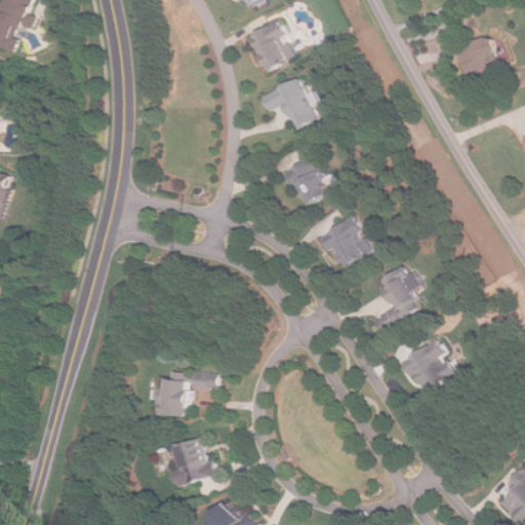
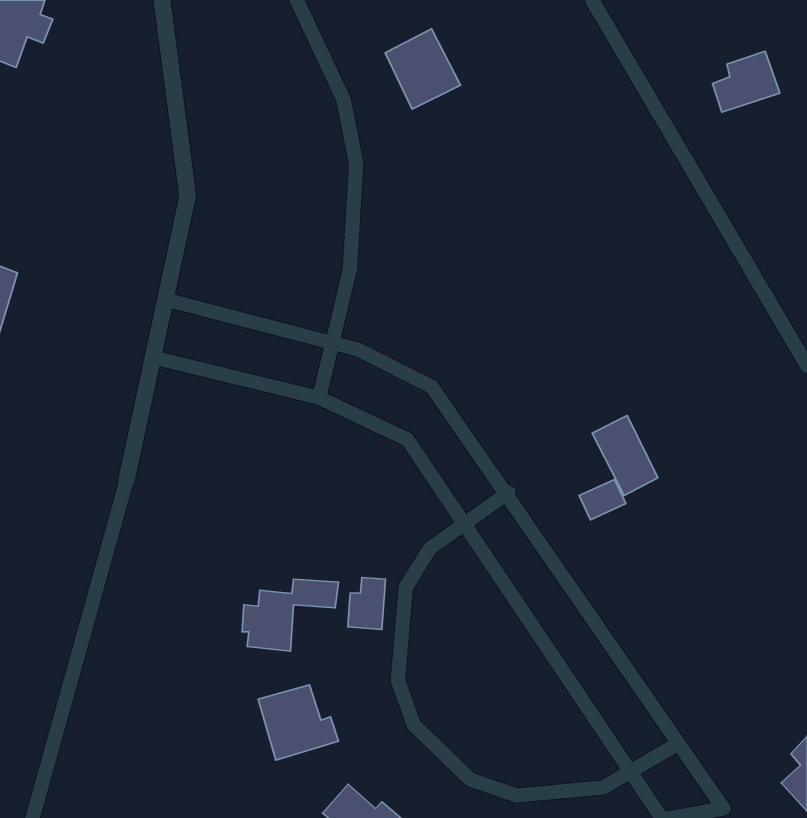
building: [259,78,316,129] -> none
building: [282,158,335,204] -> none
building: [316,215,365,268] -> none
building: [398,338,455,394] -> none
building: none -> [348,577,385,630]

